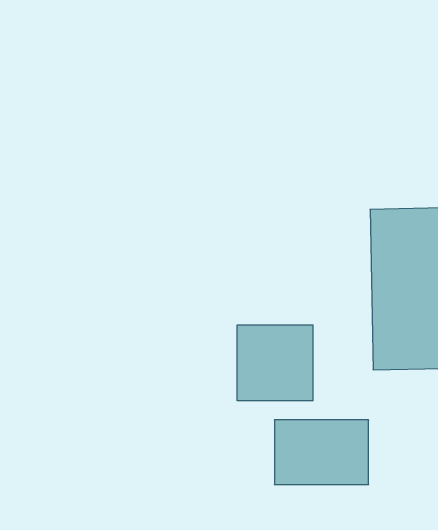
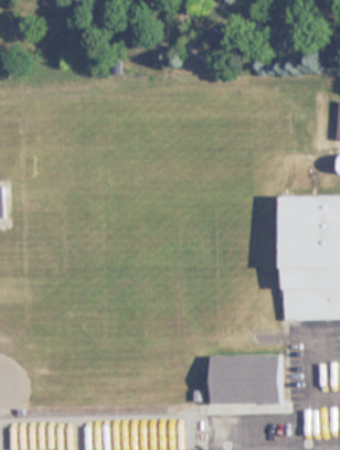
building: [237,325,313,401] -> none

